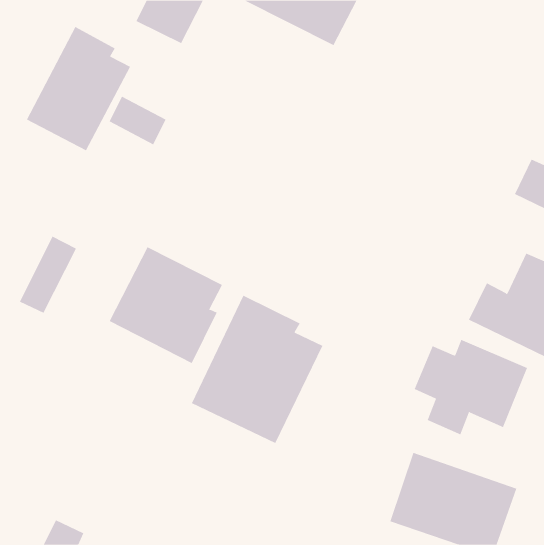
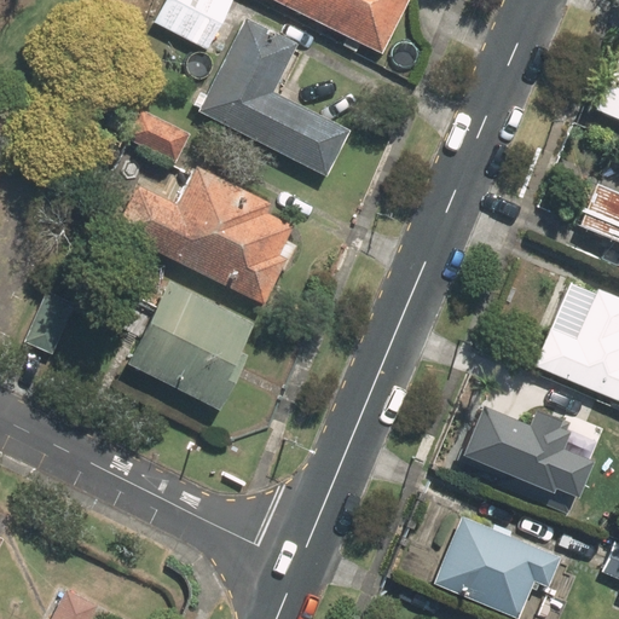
building: none -> [196,17,351,175]
building: [26,26,131,151] -> none
building: none -> [112,167,299,303]
building: [191,295,323,444] -> none

